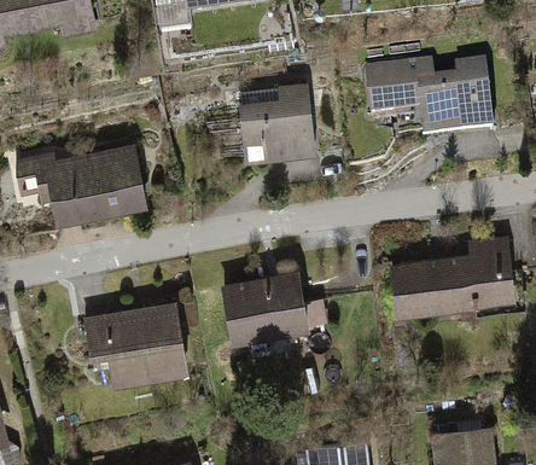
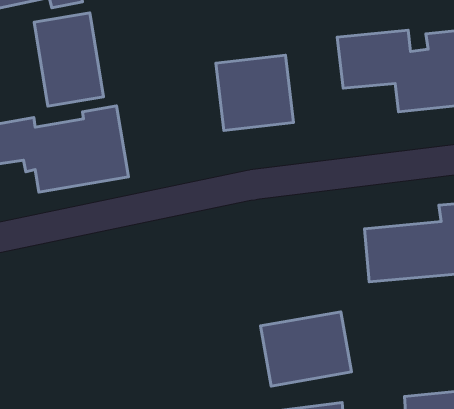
building: none -> [34,13,104,106]
building: [221,269,314,345] -> [261,312,351,386]
building: [82,302,187,379] -> none

